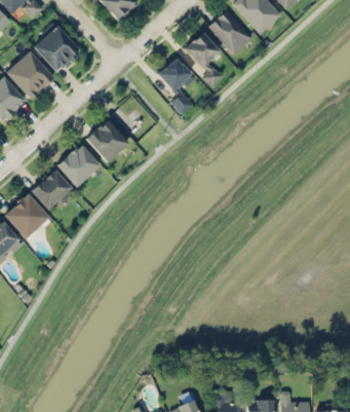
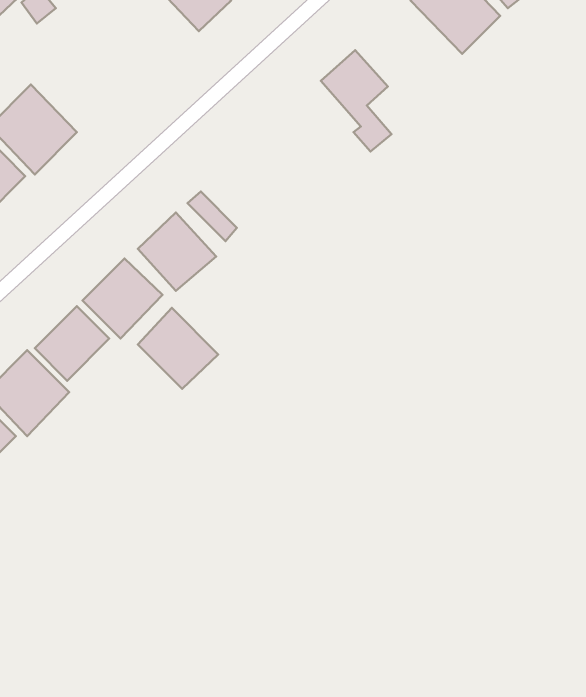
building: [208,10,252,54] -> none
building: [33,25,81,74] -> none
building: [158,57,197,118] -> none
building: none -> [138,308,218,389]

